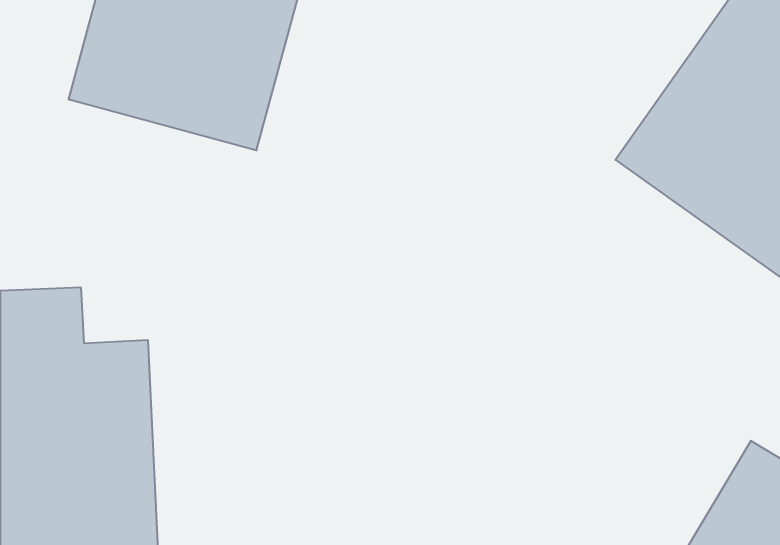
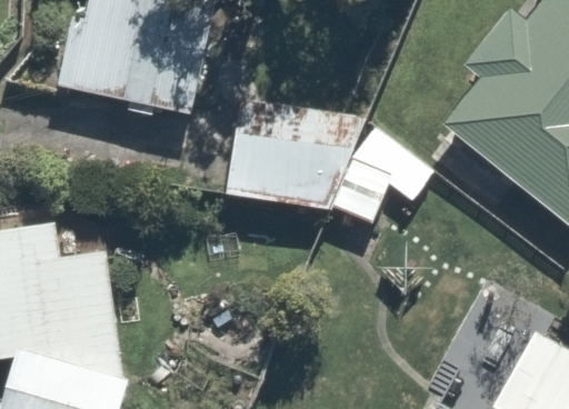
building: none -> [220,104,393,213]

